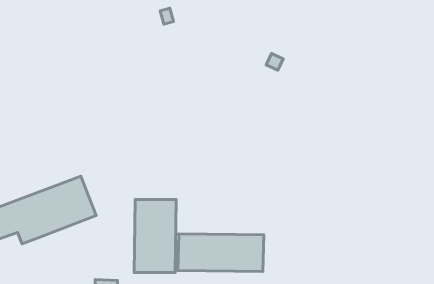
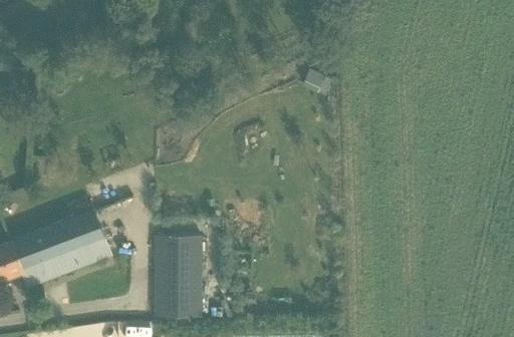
building: [178,234,264,272] -> none

